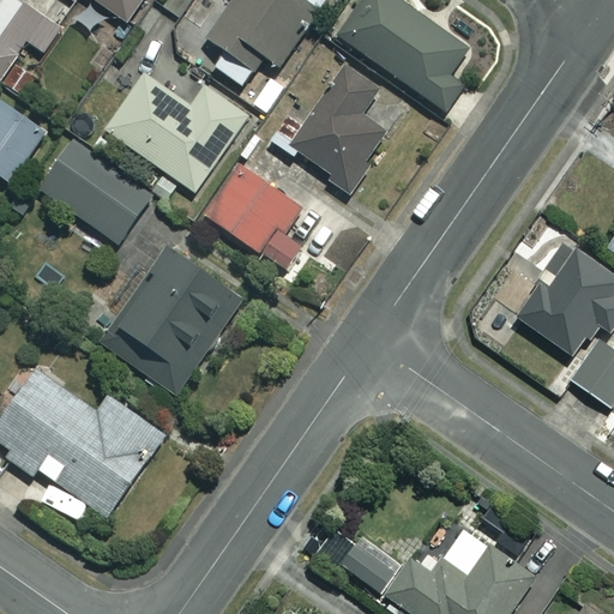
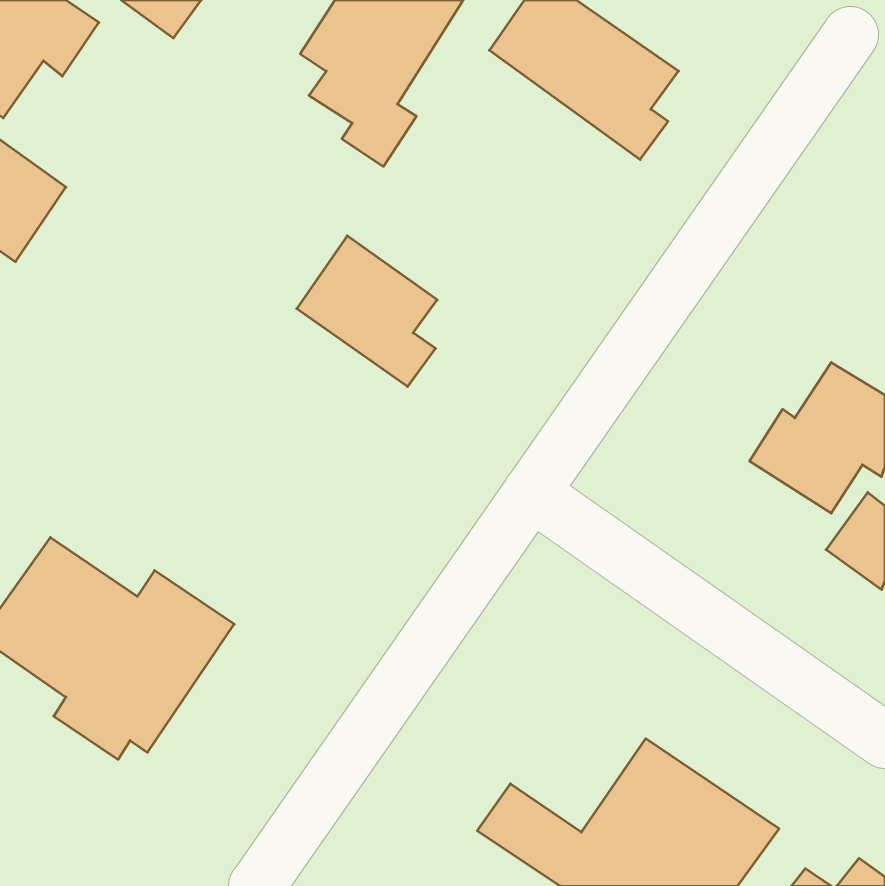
building: [293,68,403,185] -> none
building: [106,74,247,191] -> none
building: [37,142,150,241] -> none
building: [101,245,243,393] -> none

